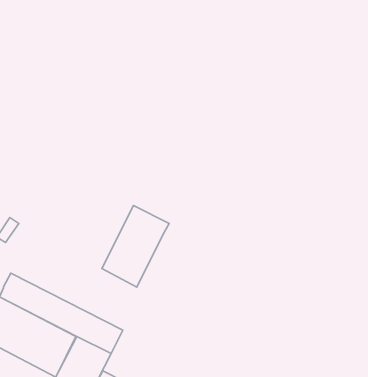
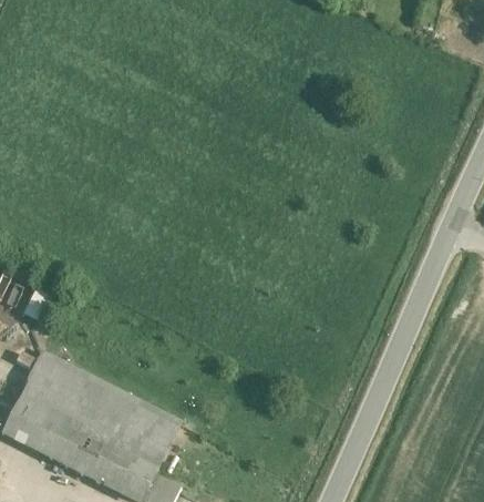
building: [102,205,169,287] -> none

